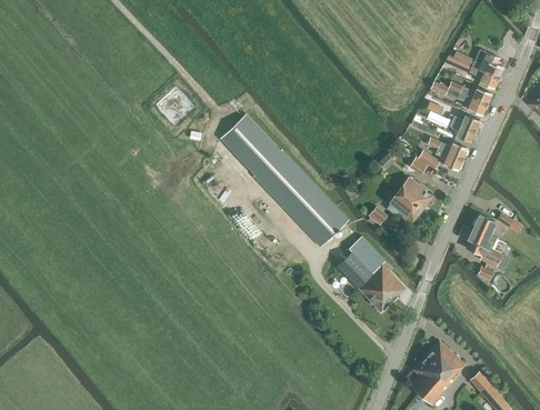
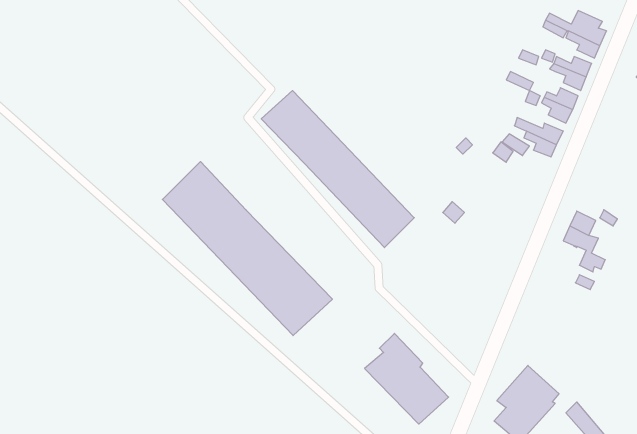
building: none -> [162,162,332,336]
building: [389,178,432,221] -> none
building: [337,237,406,311] -> [365,333,449,424]

